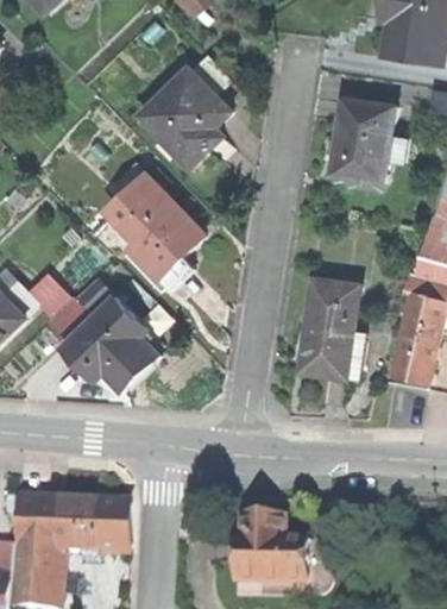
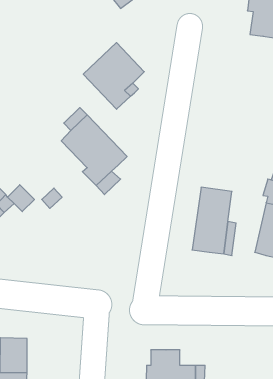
building: [329,98,405,182] -> none
building: [61,295,159,390] -> none
building: [57,500,127,553] -> none

